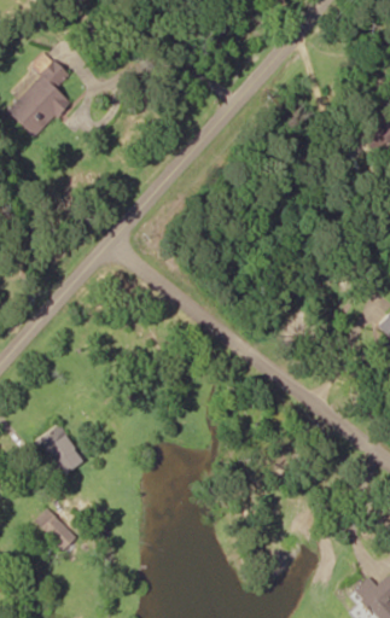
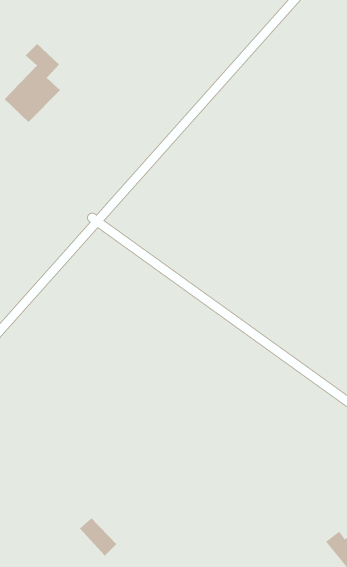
building: [39,425,83,474] -> none
building: [35,508,76,550] -> [79,517,117,556]

